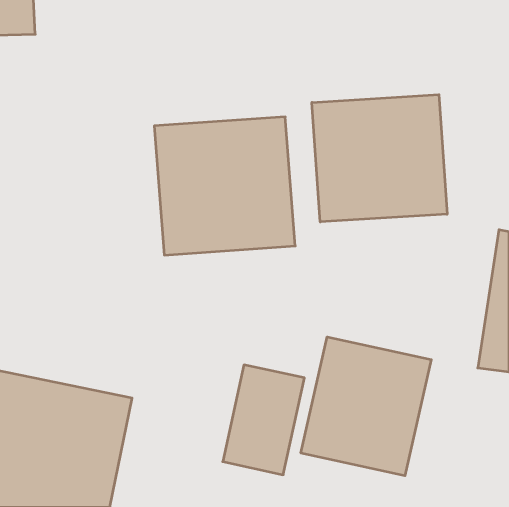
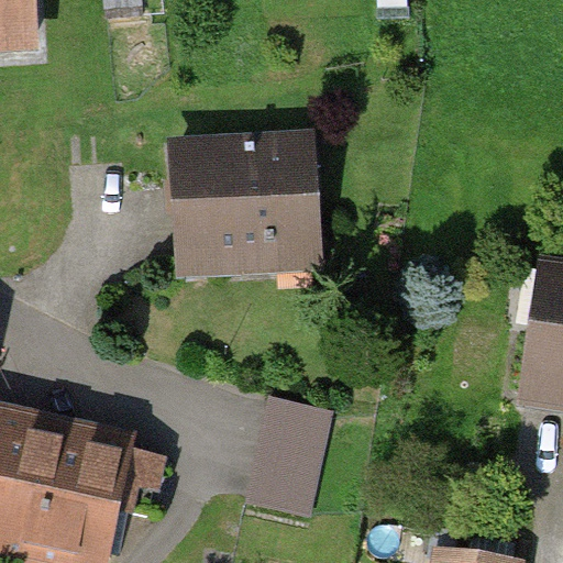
building: [312,95,447,222] -> none
building: [301,337,431,476] -> none

